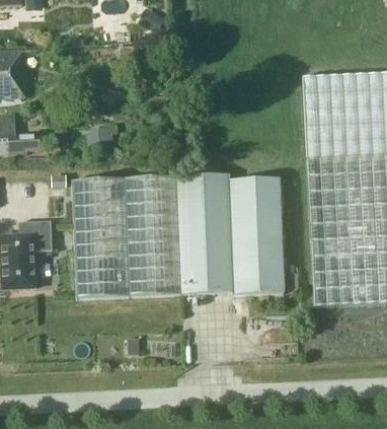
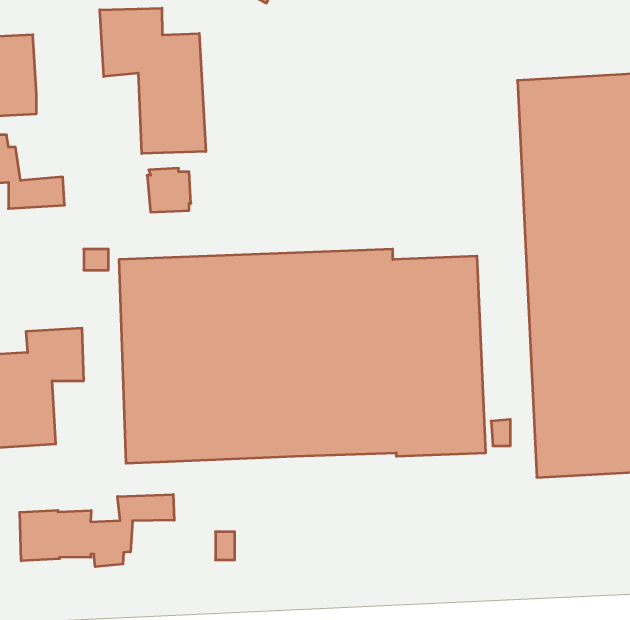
building: none -> [100,8,206,154]
building: none -> [20,494,174,567]

